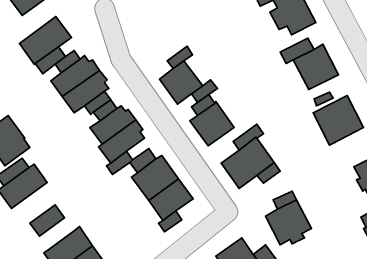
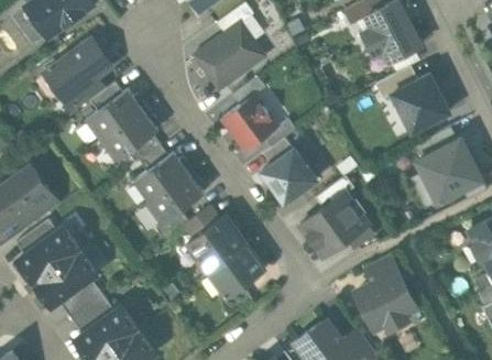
building: none -> [196,23,262,87]
building: none -> [35,249,97,305]
building: none -> [70,294,114,334]

